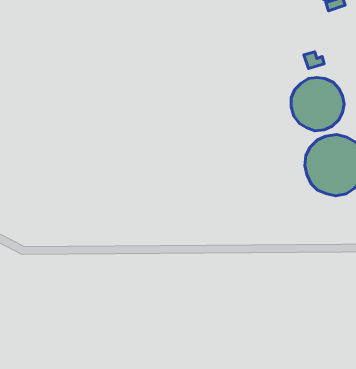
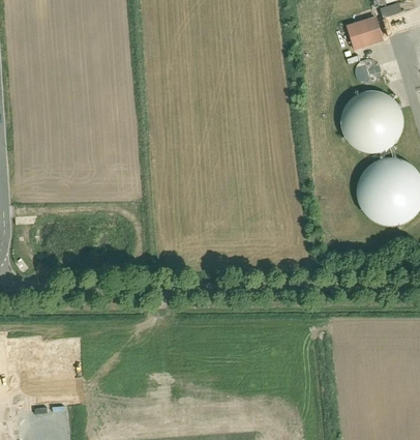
building: none -> [347,17,382,48]

